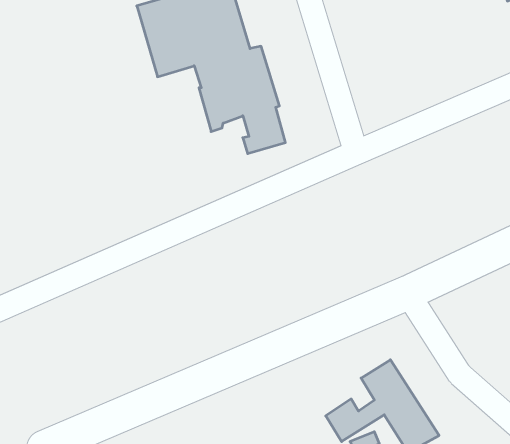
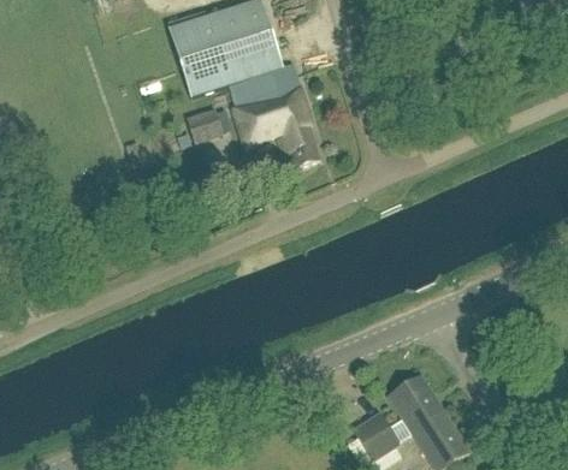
building: none -> [187,106,223,139]

